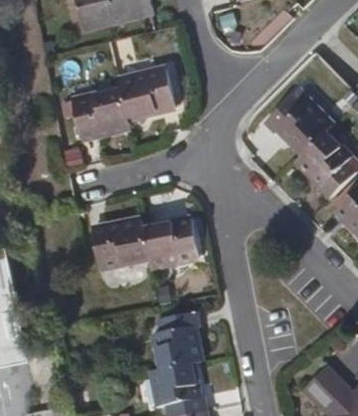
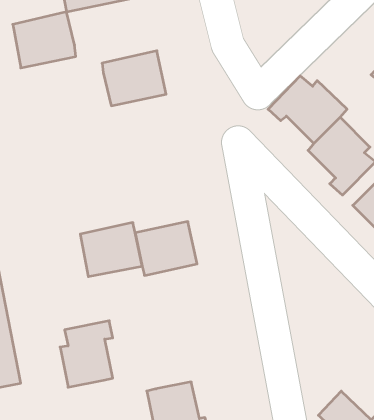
building: [66,89,122,139] -> [13,12,76,68]
building: [153,308,199,367] -> [60,321,113,387]

